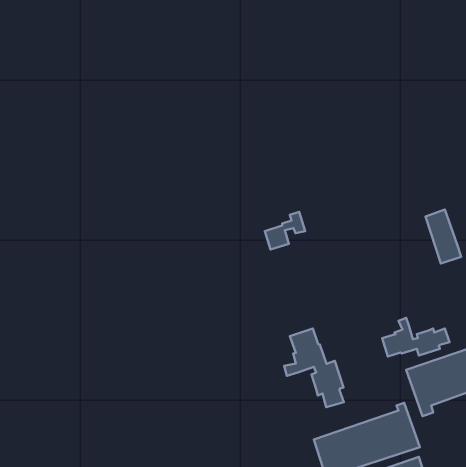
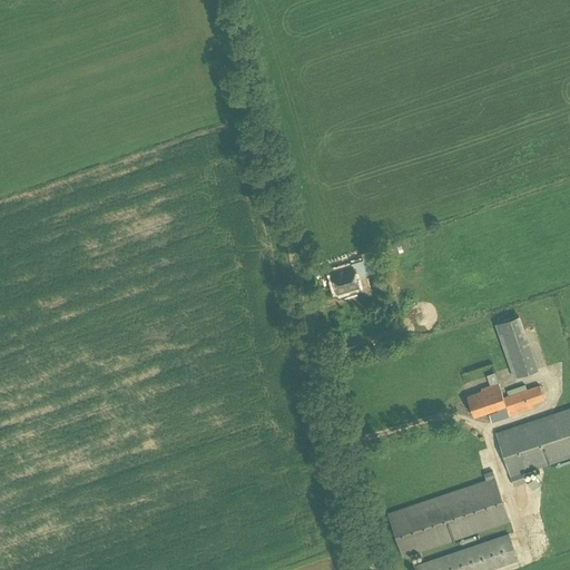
building: [426,210,461,264] -> [495,316,537,379]
building: [284,329,344,407] -> none

